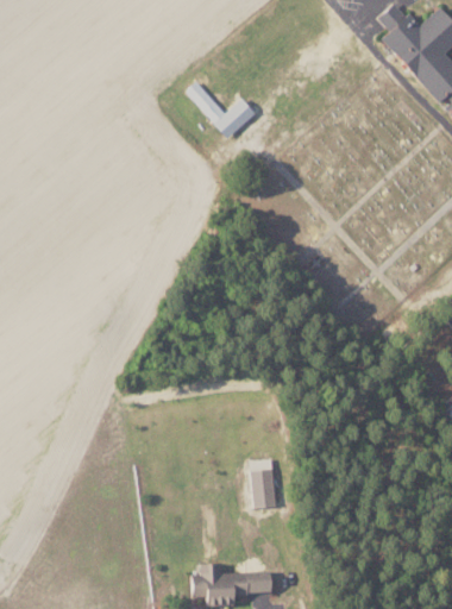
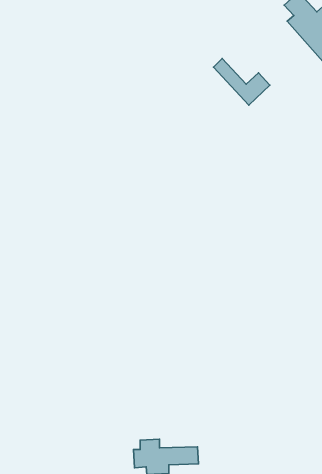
building: [187,82,257,140] -> [214,59,270,105]
building: [252,460,277,509] -> none

